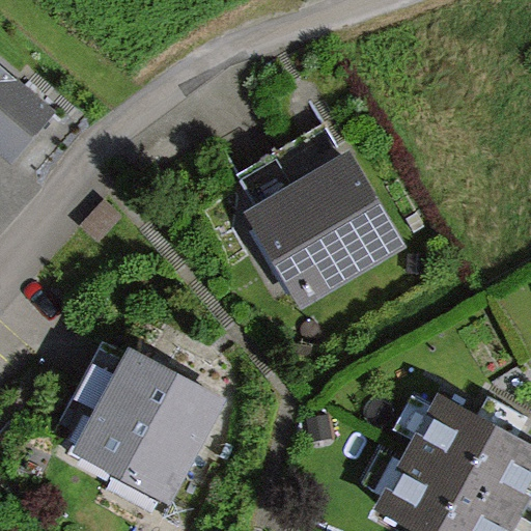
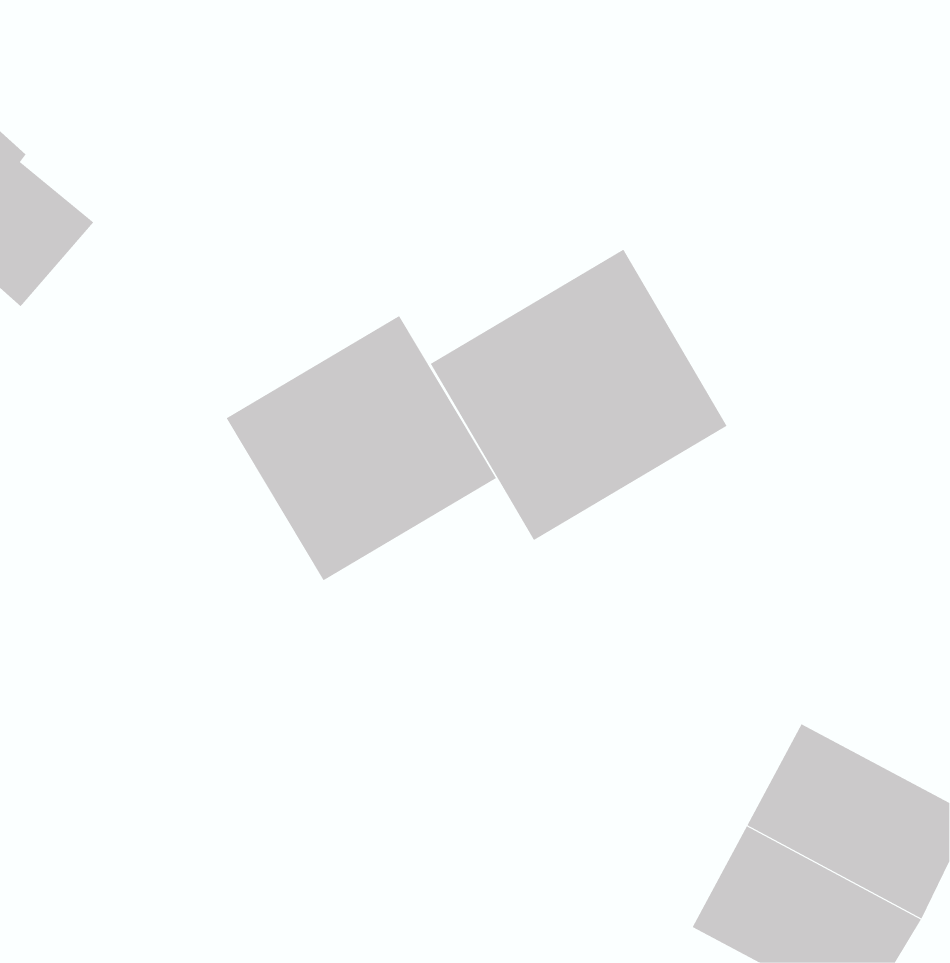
building: none -> [226,315,497,581]
building: [74,351,223,502] -> none

